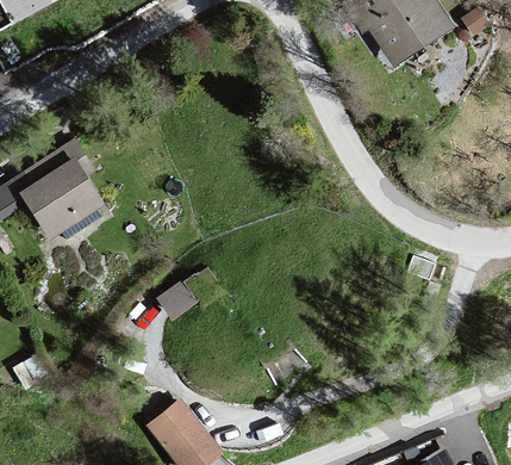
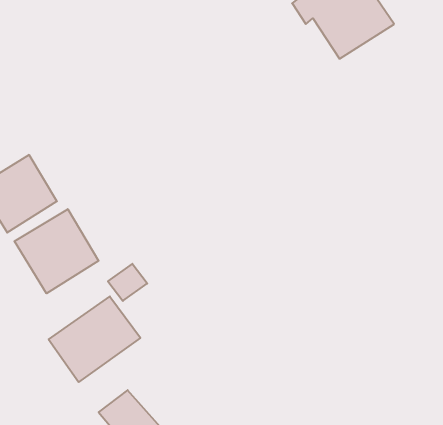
building: none -> [14,209,99,293]
building: none -> [49,296,140,382]

